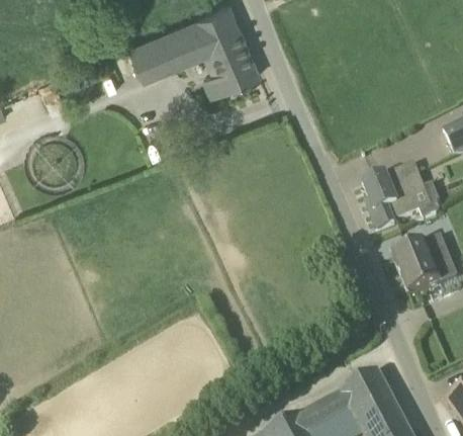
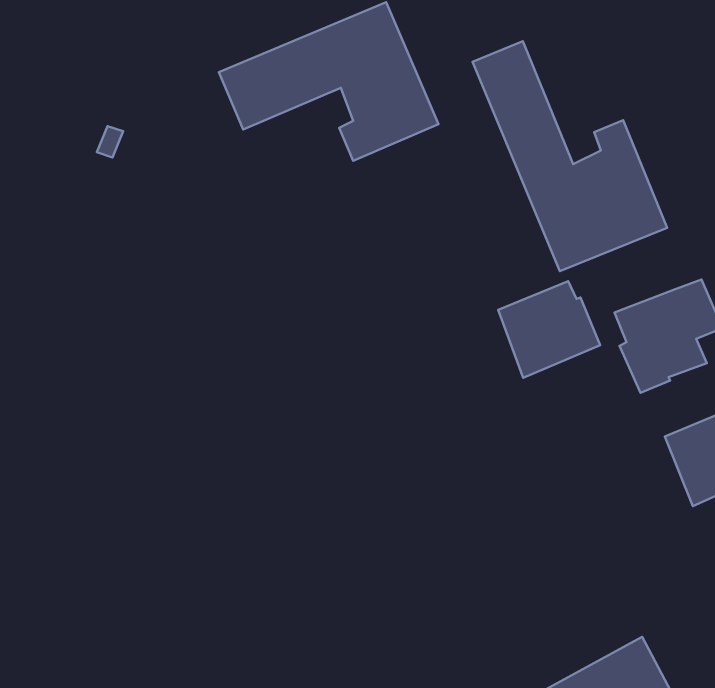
building: none -> [473,41,667,271]
building: none -> [498,281,600,378]

